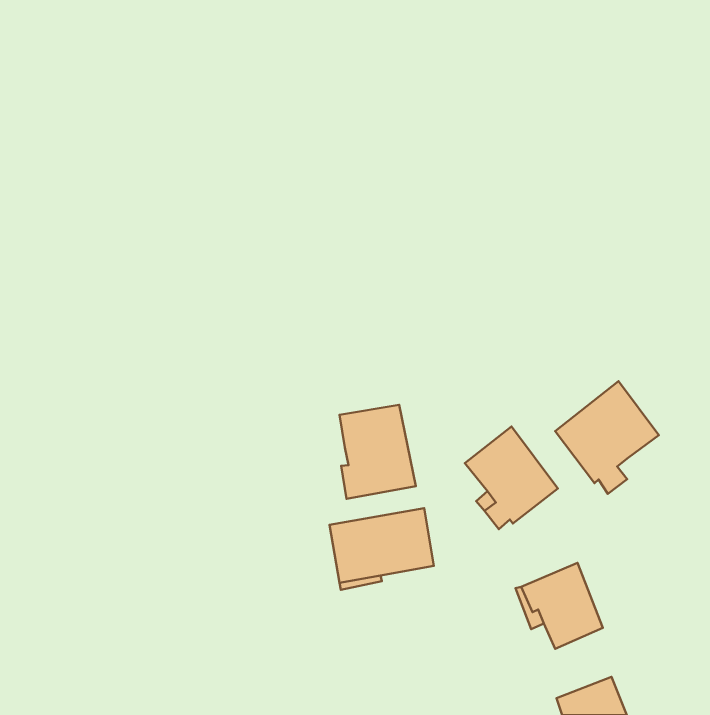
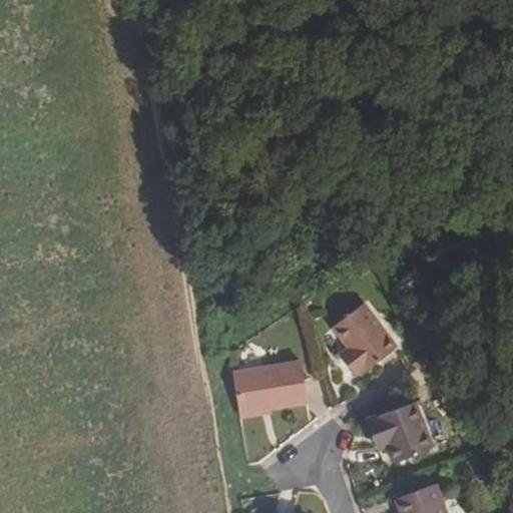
building: [555,381,659,494] -> none
building: [340,405,416,499] -> none

